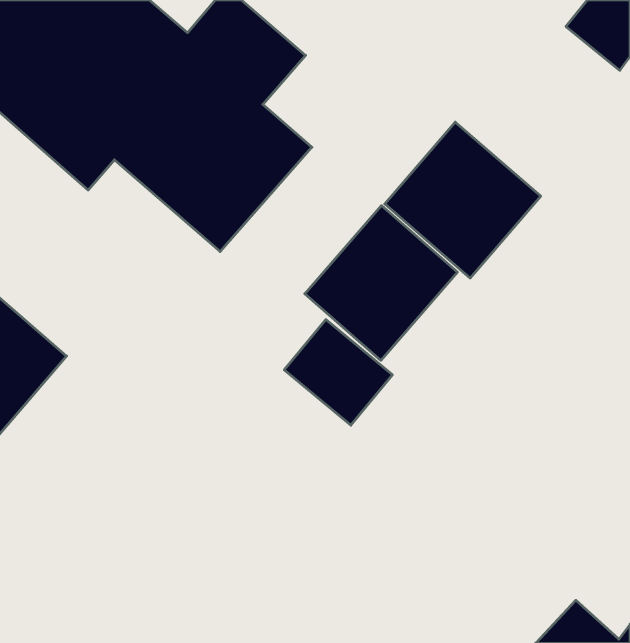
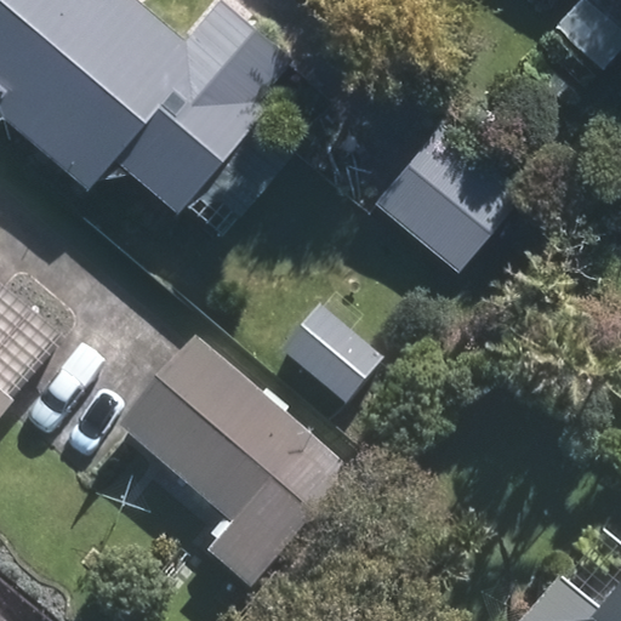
building: [305,206,457,360] -> none
building: none -> [112,338,348,593]

